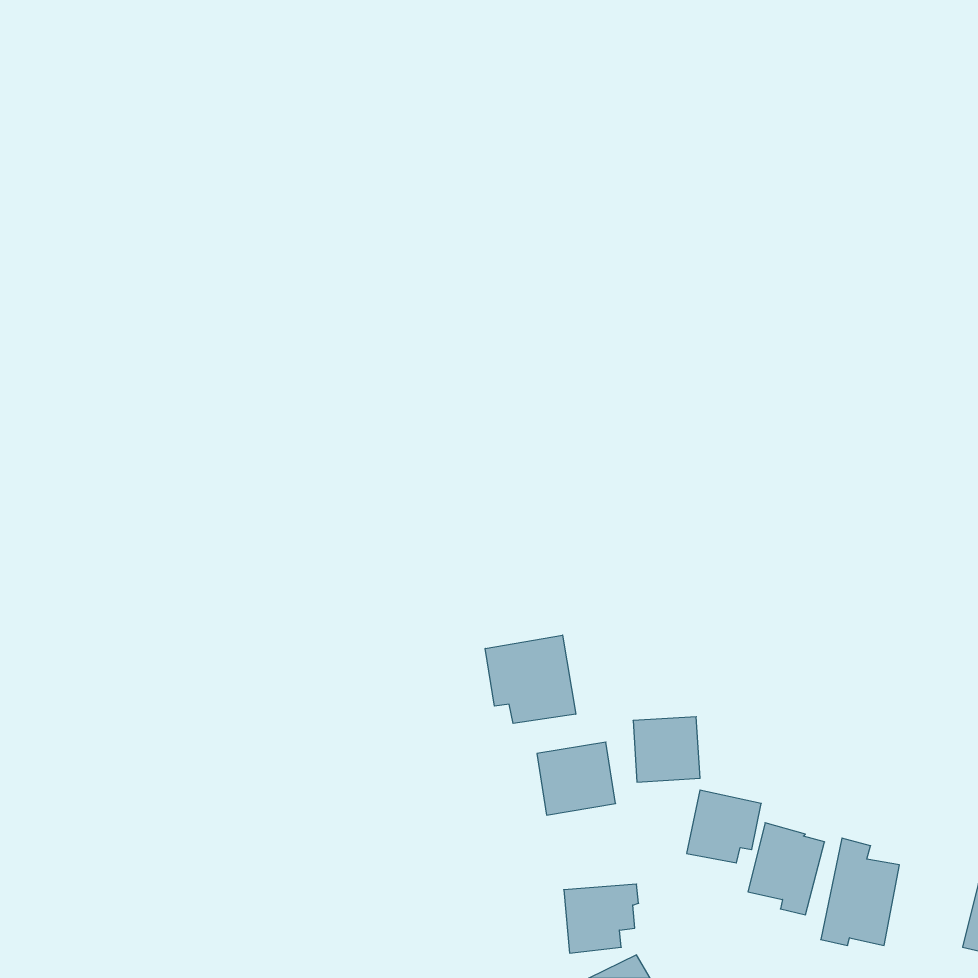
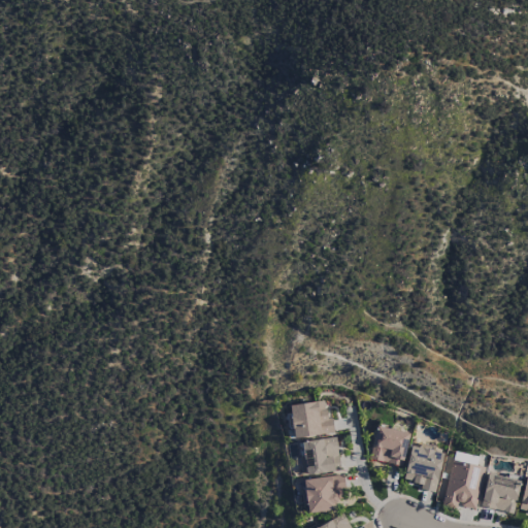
building: [485,635,576,723] -> none
building: [633,717,700,782] -> [303,438,339,473]
building: none -> [481,473,521,513]

